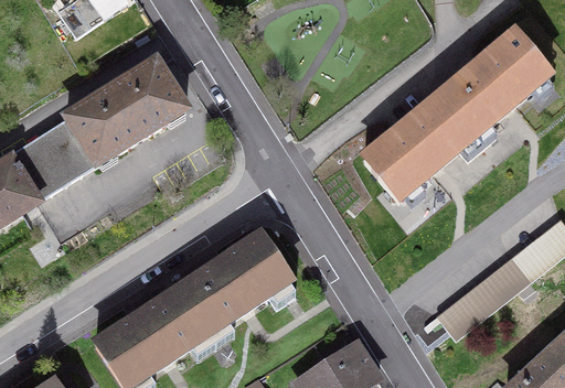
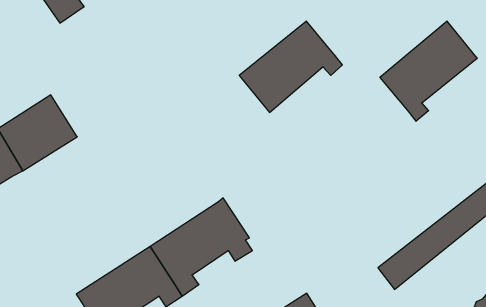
building: [67,60,186,162] -> none
building: [364,95,481,198] -> [239,21,342,112]

